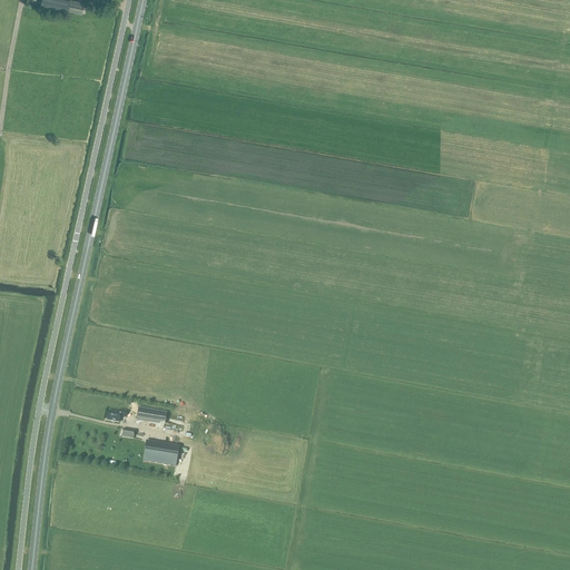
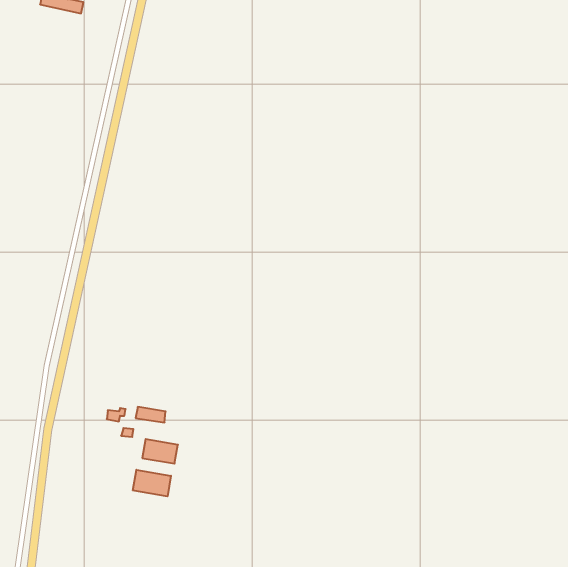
building: none -> [133,470,171,496]

